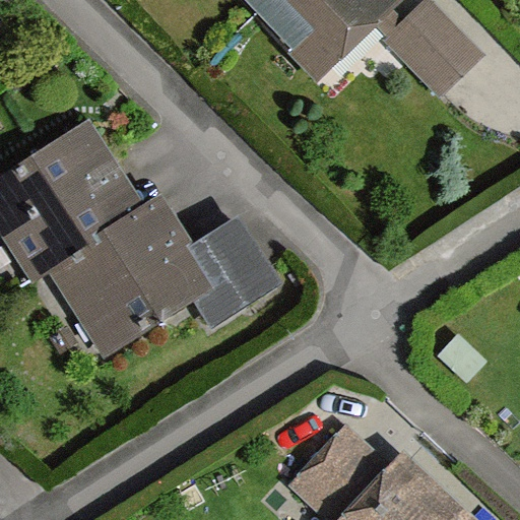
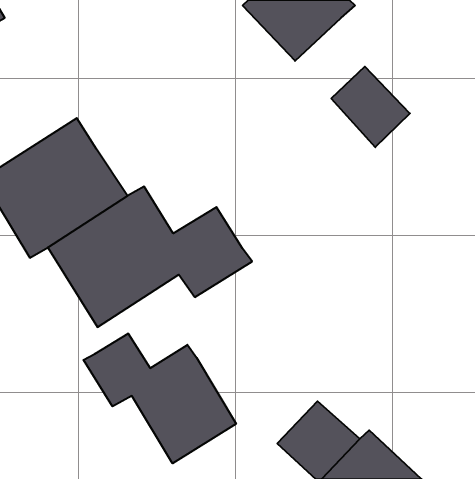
building: [390,5,475,92] -> [331,67,410,147]
building: none -> [83,333,236,463]

